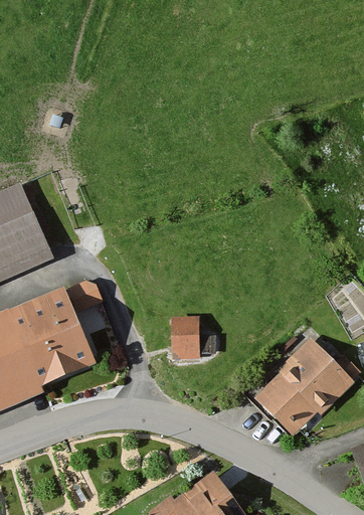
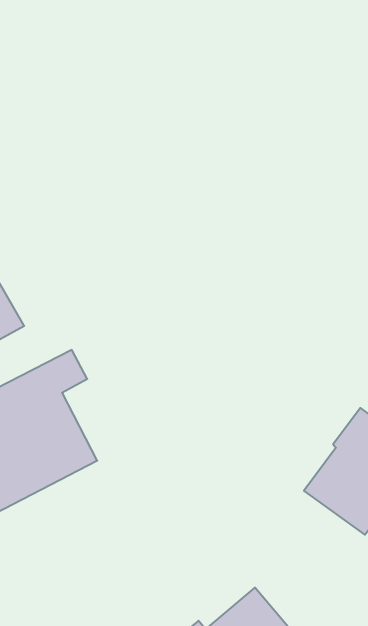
building: [173,316,200,361] -> none

